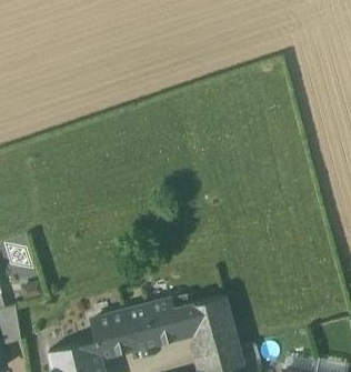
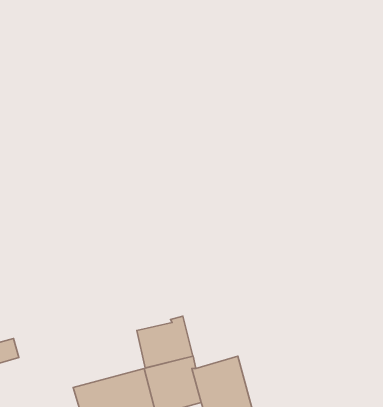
building: none -> [137,316,193,368]

